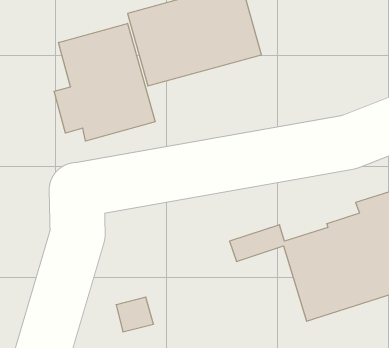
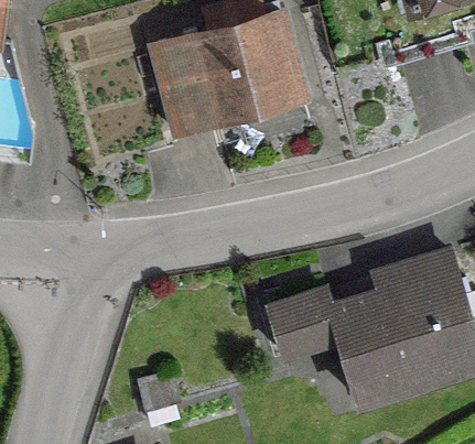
building: [54,23,155,141] -> none

